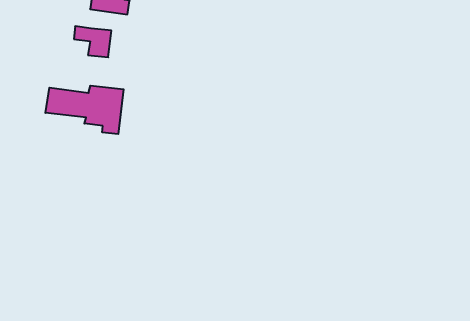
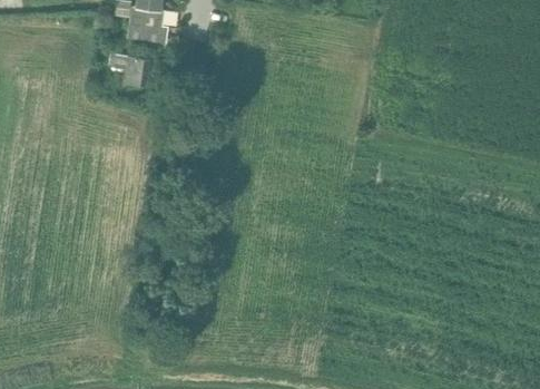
building: [45,86,124,134] -> none

